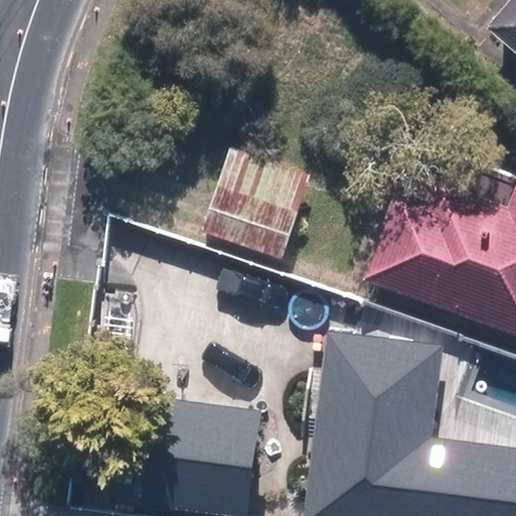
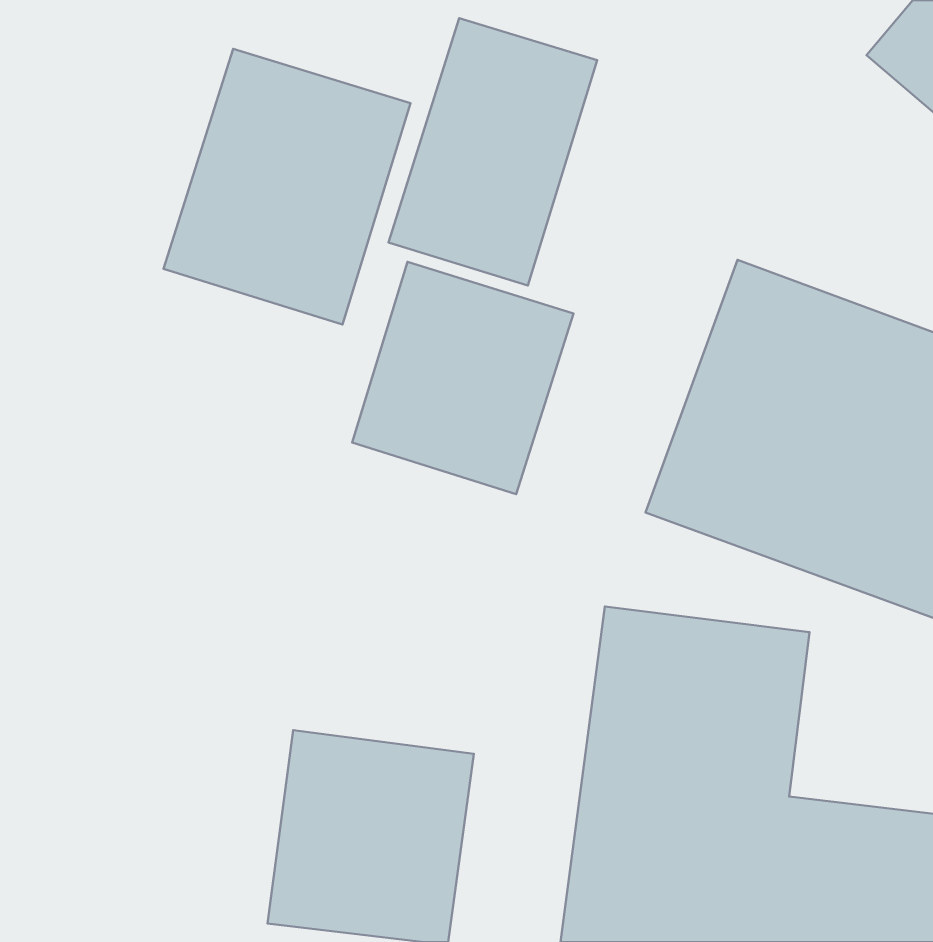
building: none -> [389,18,597,286]
building: none -> [164,49,410,324]

